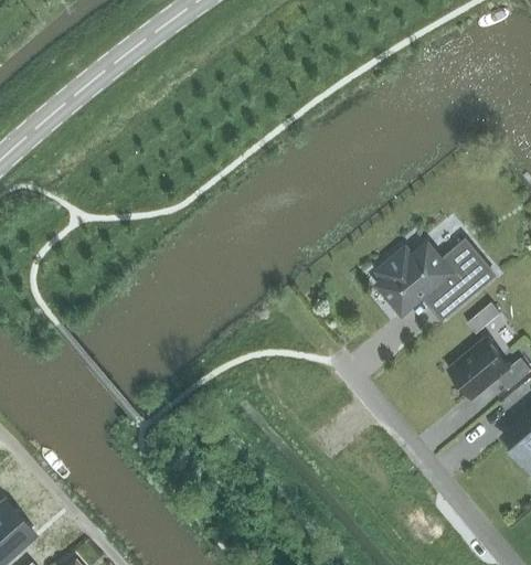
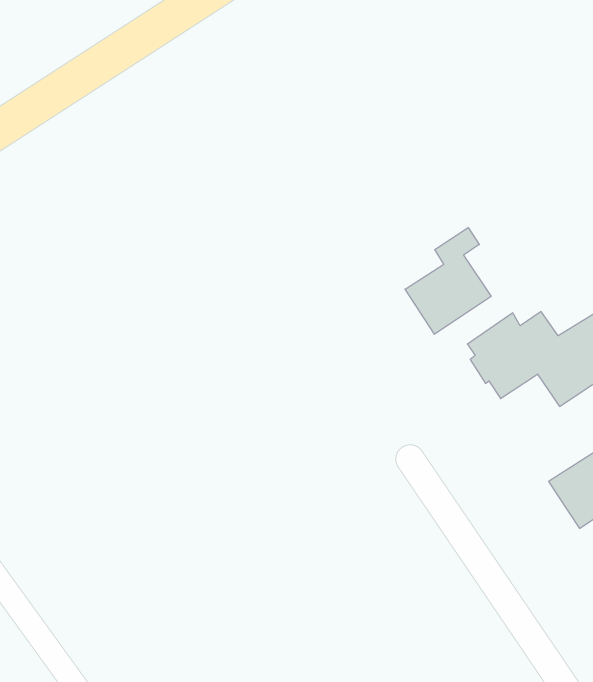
building: none -> [405,228,491,334]

